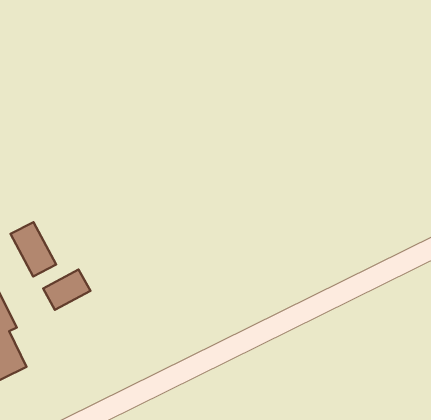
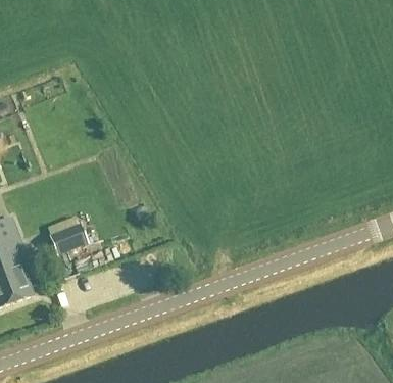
building: [10,222,56,276] -> none

